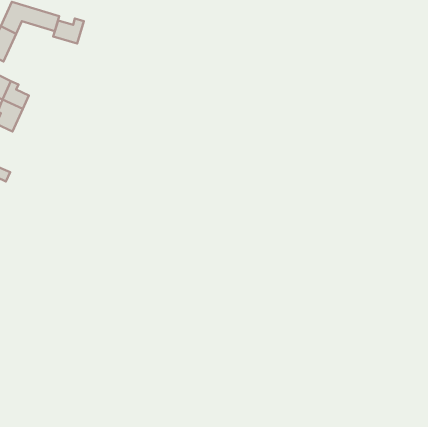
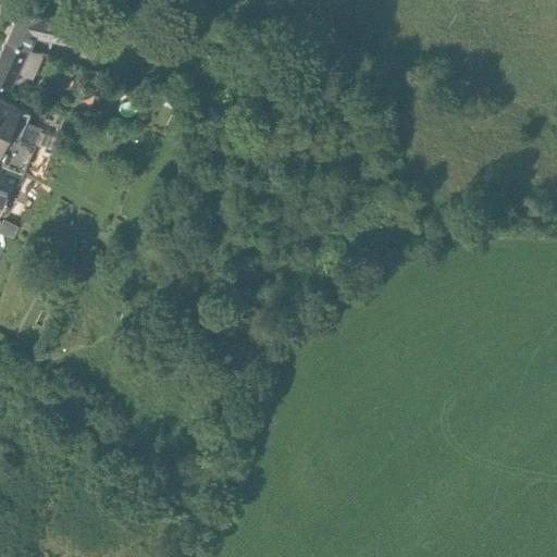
building: [53,18,84,44] -> none

